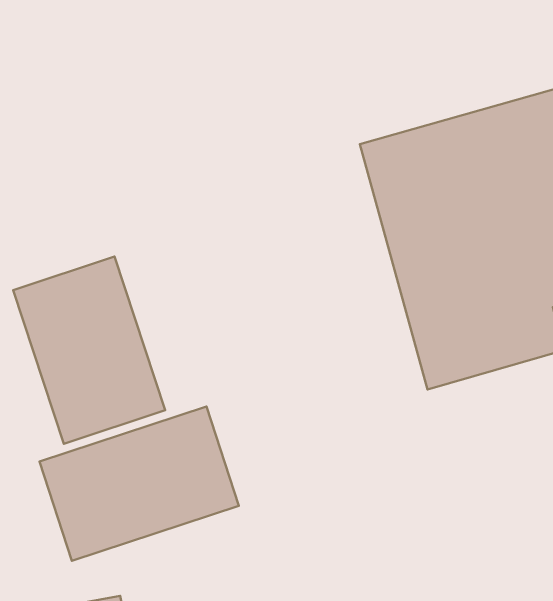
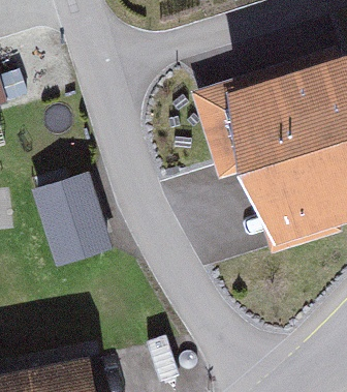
building: [39,406,239,561] -> none

